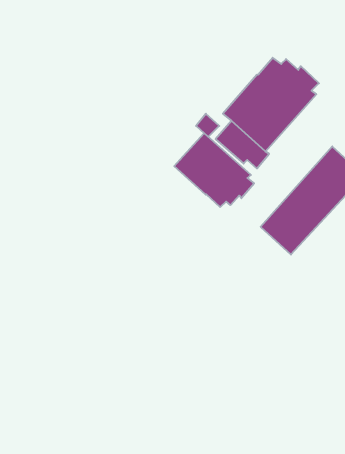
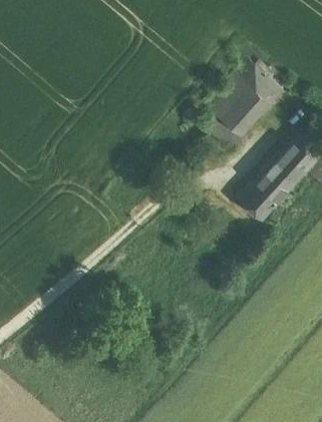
building: [174,133,254,207] -> none

